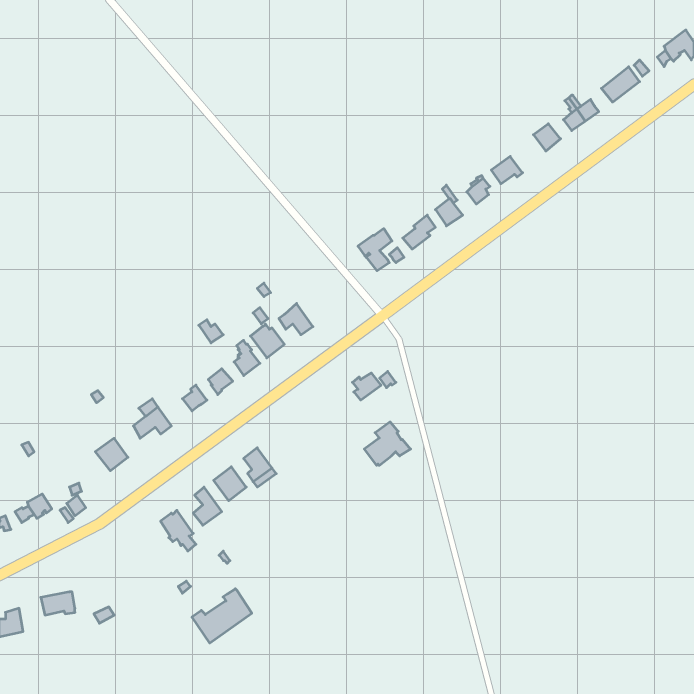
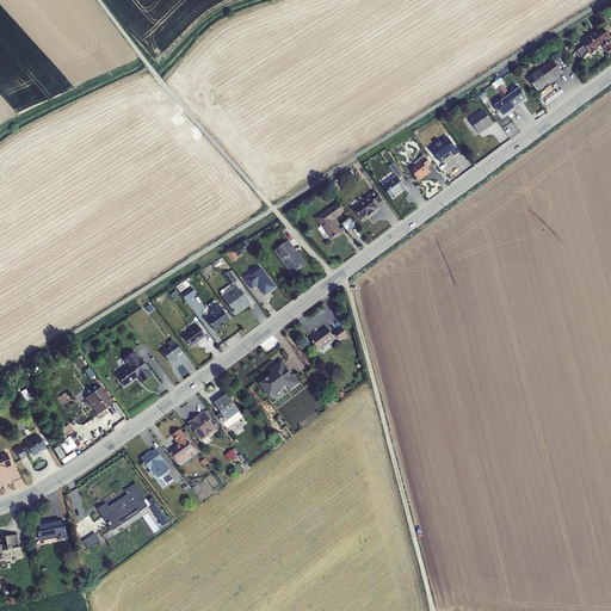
building: none -> [273,239,306,273]
building: [364,422,411,465] -> [258,358,298,396]
building: [192,589,252,643] -> [97,482,149,530]

